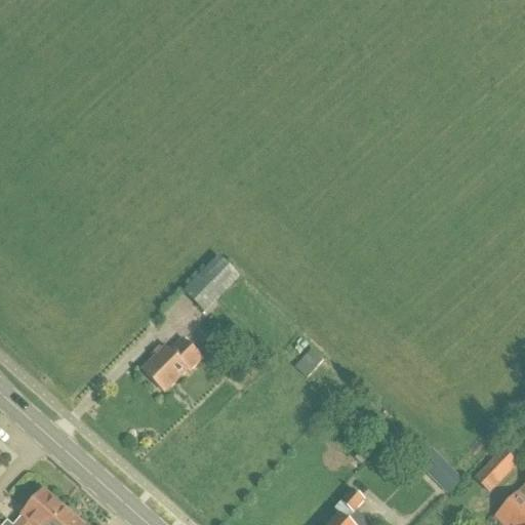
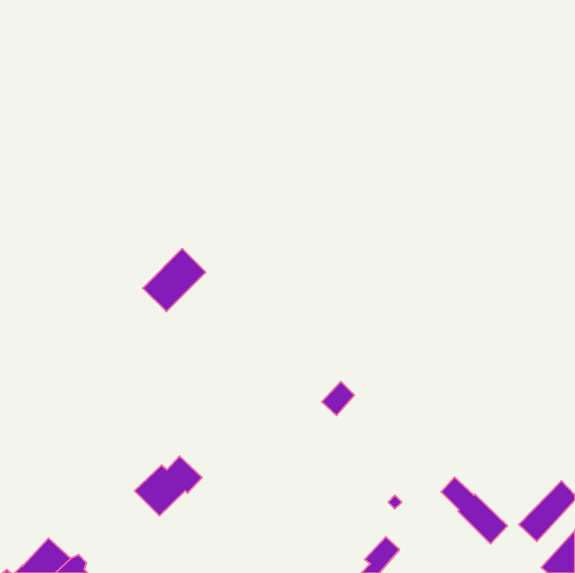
building: [183,255,240,313] -> [143,249,206,312]
building: [140,338,202,393] -> [135,456,202,516]

